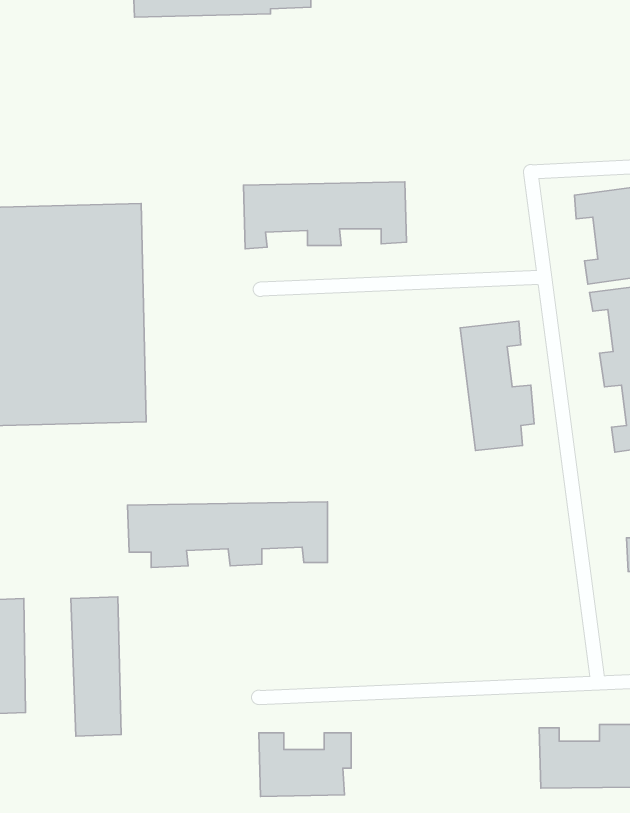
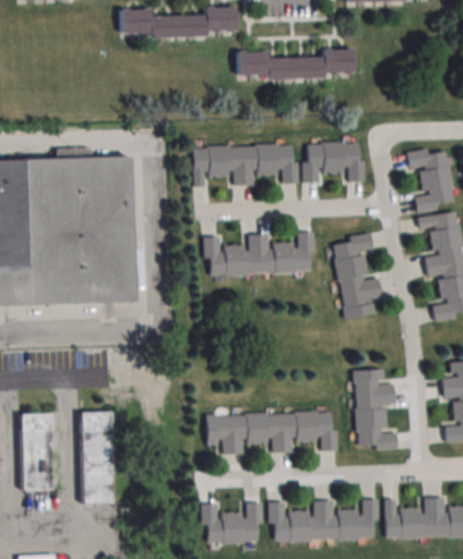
building: none -> [237,49,354,78]
building: none -> [304,141,364,183]
building: none -> [203,231,314,275]
building: [128,502,327,567] -> [205,412,335,454]
building: none -> [352,369,399,450]
building: none -> [269,498,378,542]

